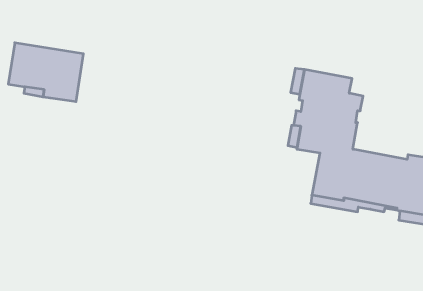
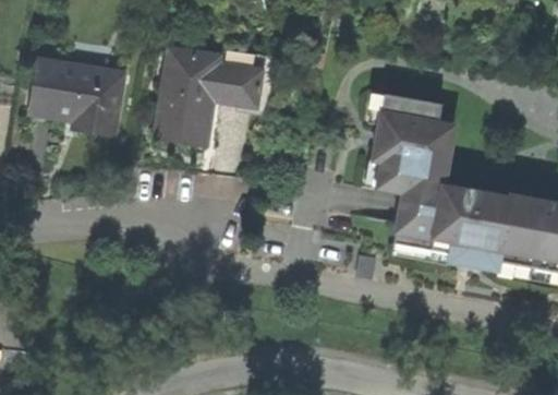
building: none -> [158,51,262,146]

